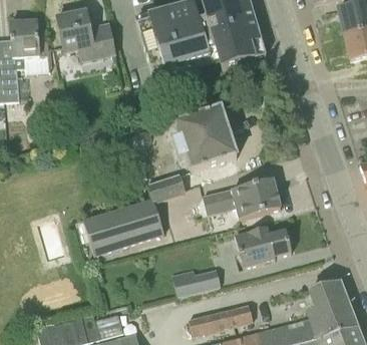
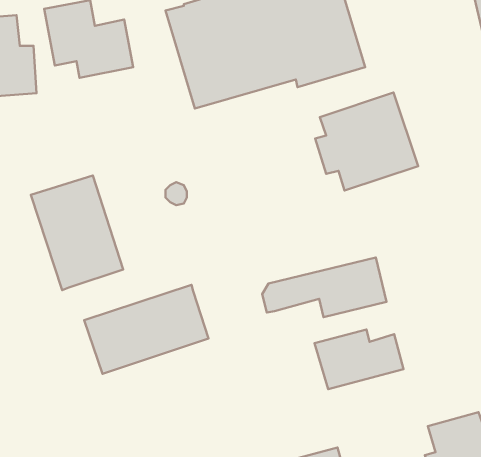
building: [170,107,238,171] -> [315,92,418,191]
building: none -> [31,175,123,290]
building: [149,175,185,201] -> none
building: [170,267,221,297] -> none

